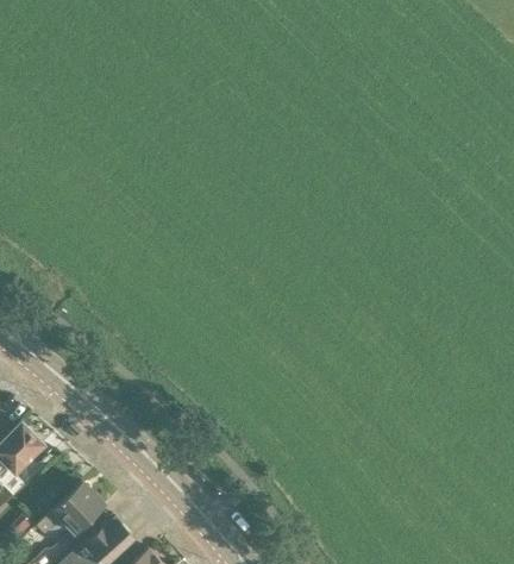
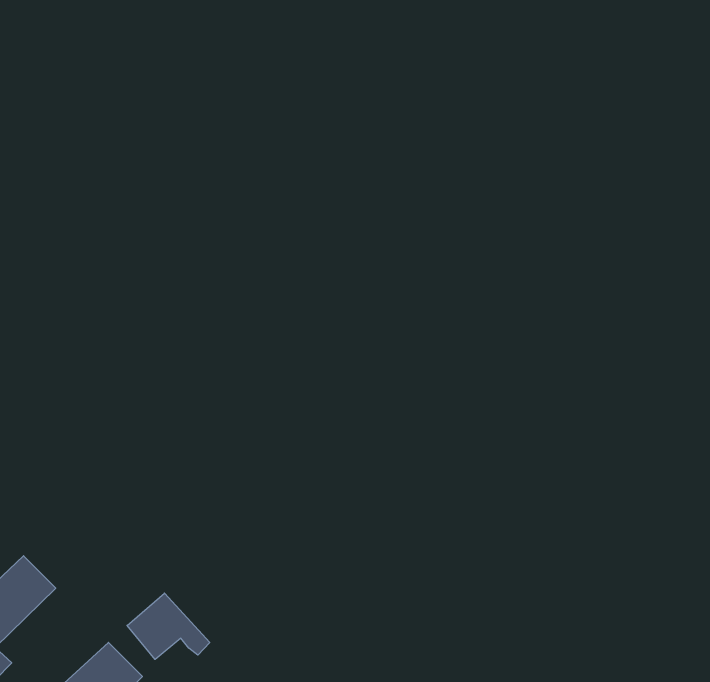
building: none -> [127,593,210,659]

